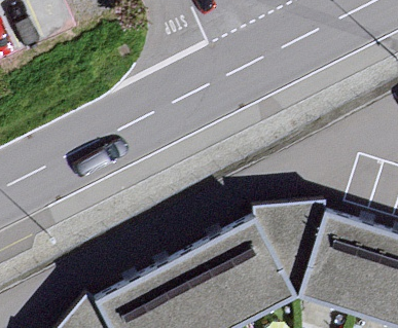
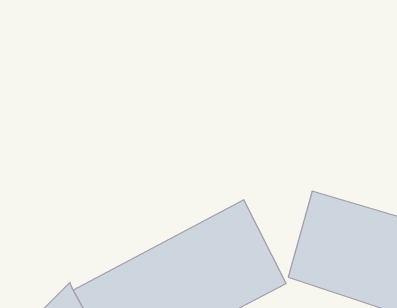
building: [243,202,316,298] -> none

